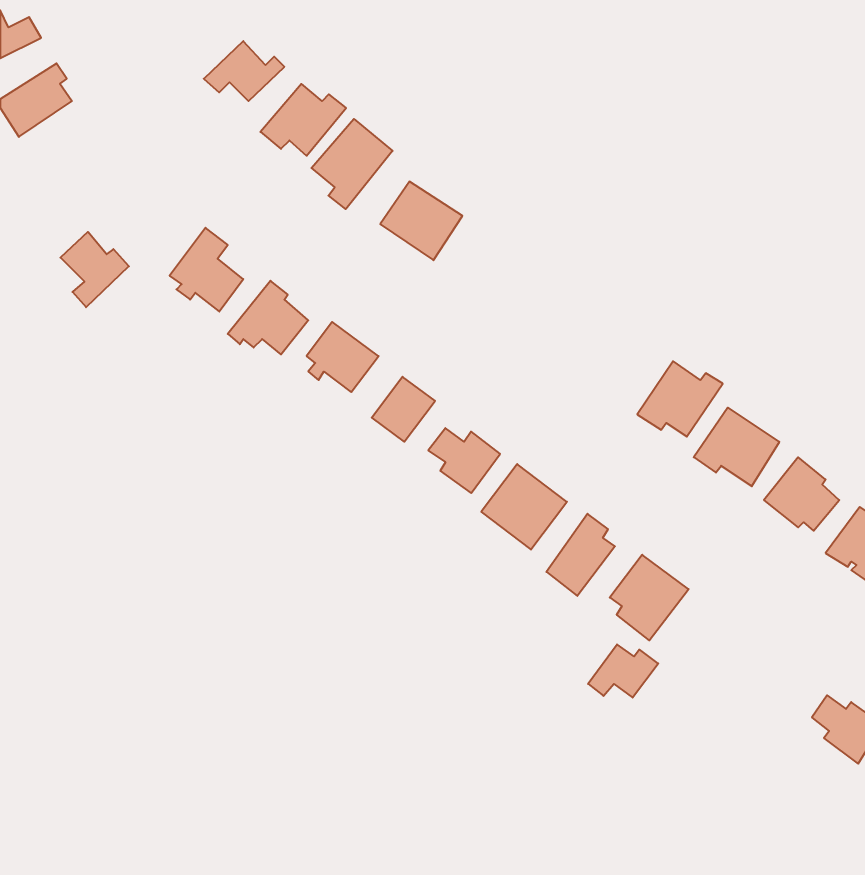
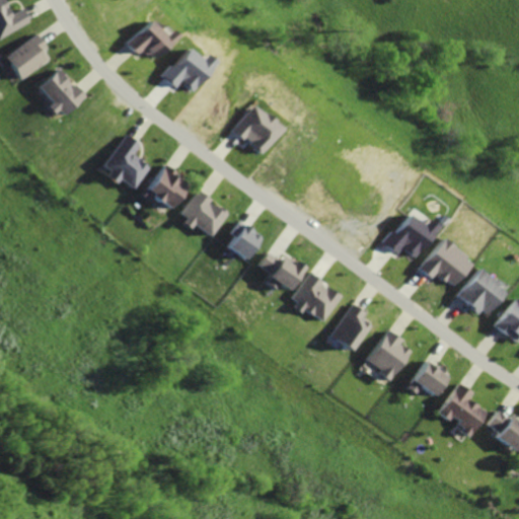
building: [311,119,393,209] -> none
building: [60,232,129,307] -> [48,71,88,116]
building: [588,644,658,698] -> [406,364,448,395]
building: none -> [439,385,484,437]

